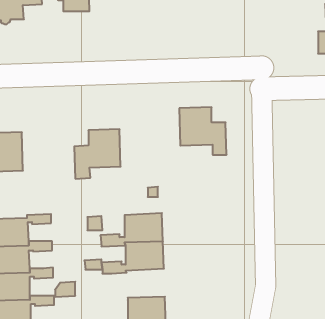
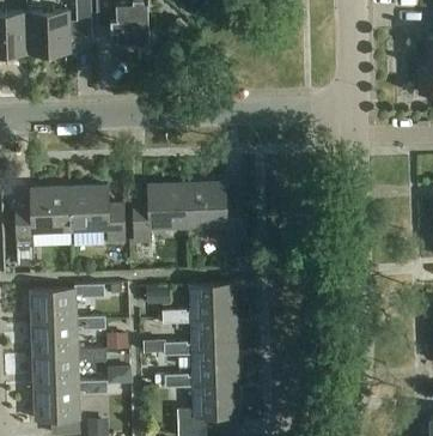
building: [179,107,227,155] -> [184,183,240,240]
building: none -> [68,187,123,244]
building: none -> [164,350,238,387]

